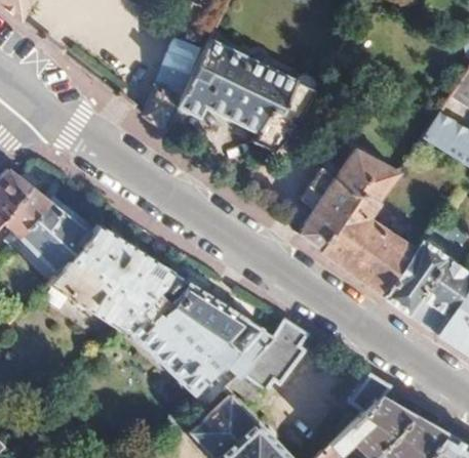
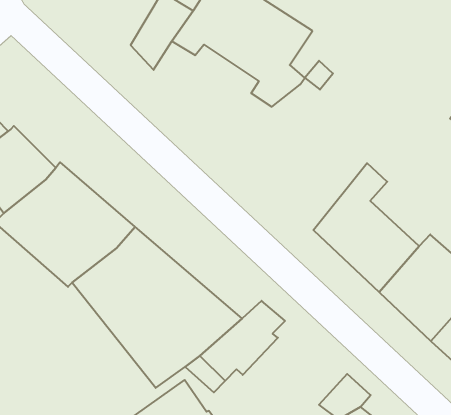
building: [298,148,400,251] -> none

